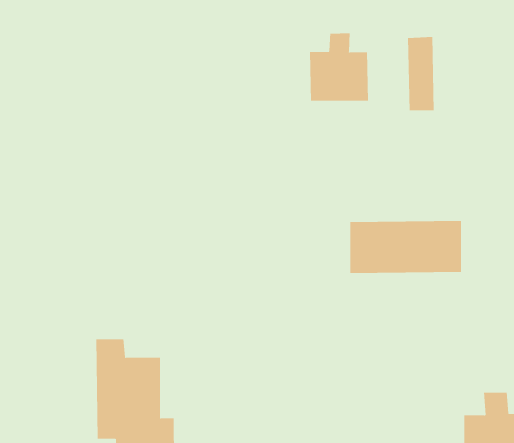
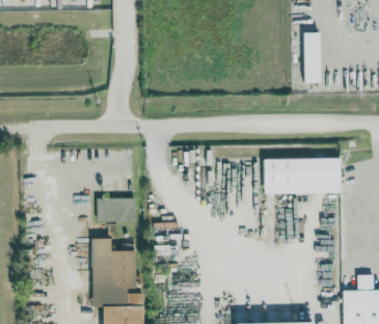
building: [309,33,368,102] -> none
building: none -> [96,197,134,221]

